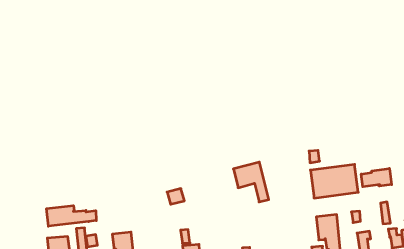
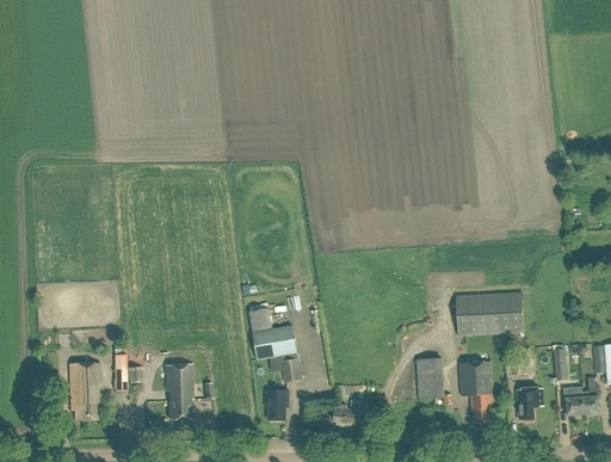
building: [233,162,269,202] -> [252,324,300,381]
building: [361,168,392,187] -> none
building: [47,206,96,226] -> none
building: none -> [418,372,444,398]

